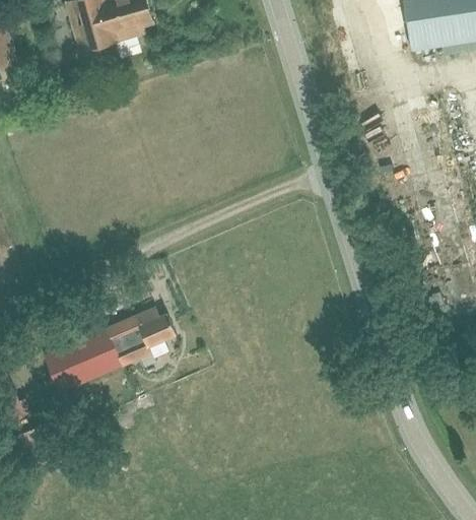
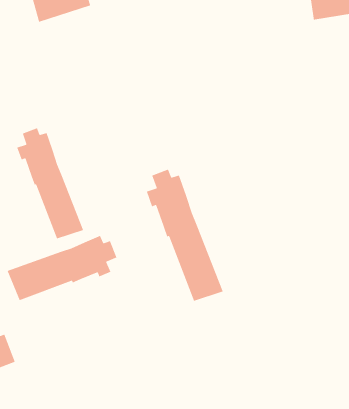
building: none -> [16,127,84,240]
building: none -> [146,169,224,302]

